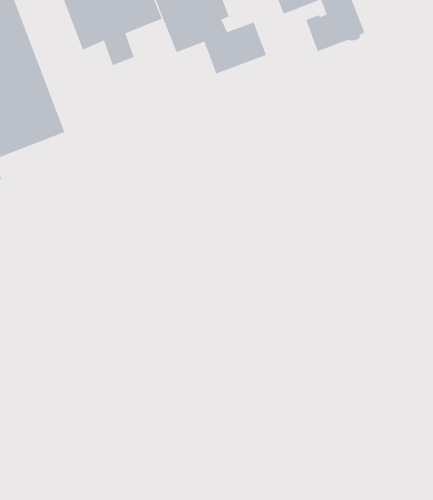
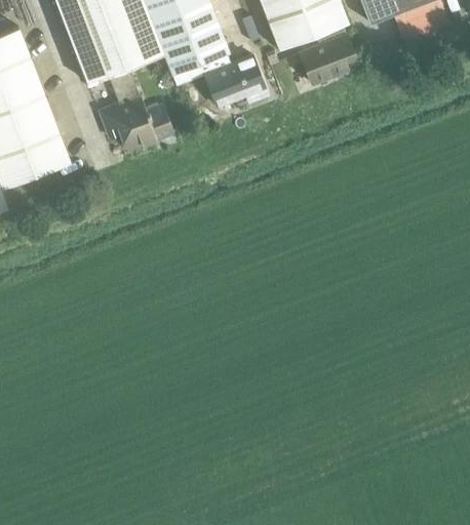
building: none -> [102,88,173,147]

